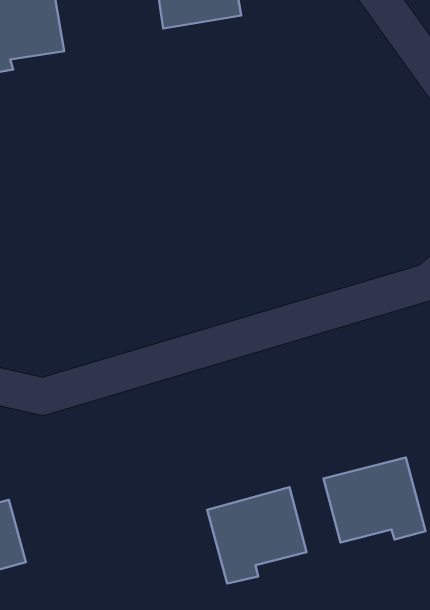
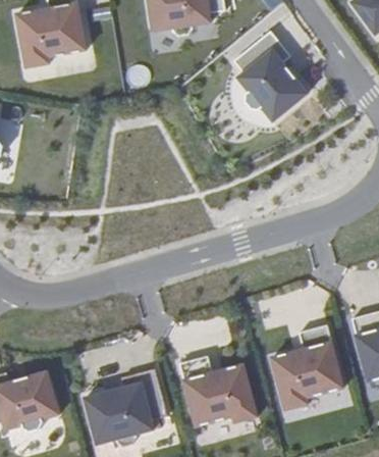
building: none -> [238,49,307,119]
building: none -> [91,386,148,443]

